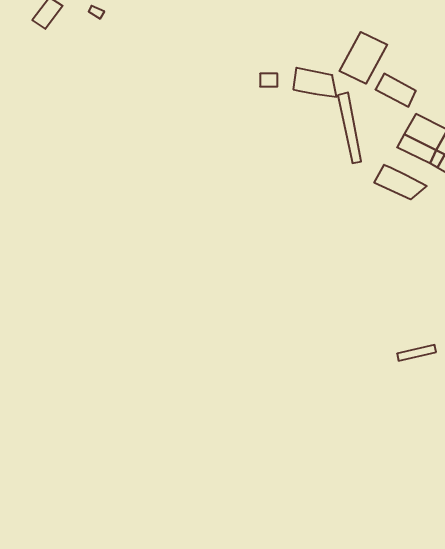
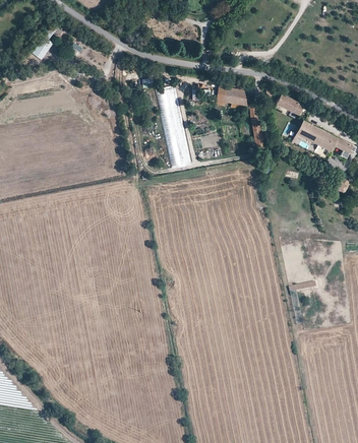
building: [339,32,387,84] -> none
building: [374,165,427,199] -> none

